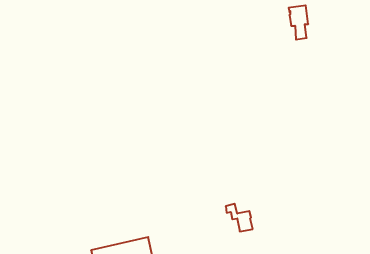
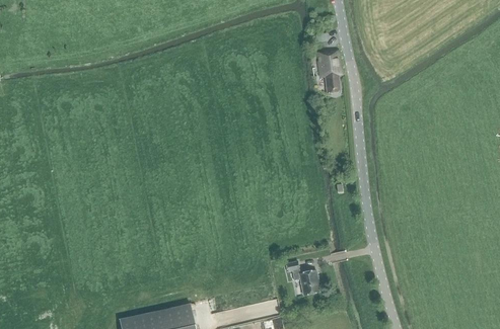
building: [289,5,308,40] -> [316,50,341,92]

